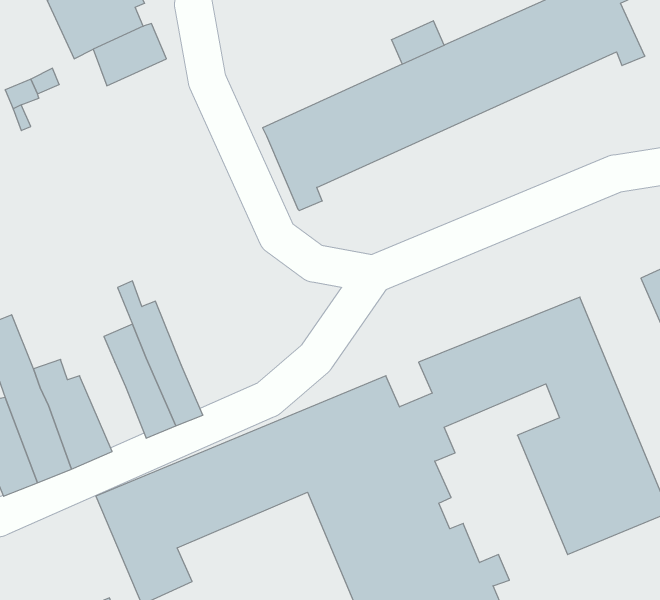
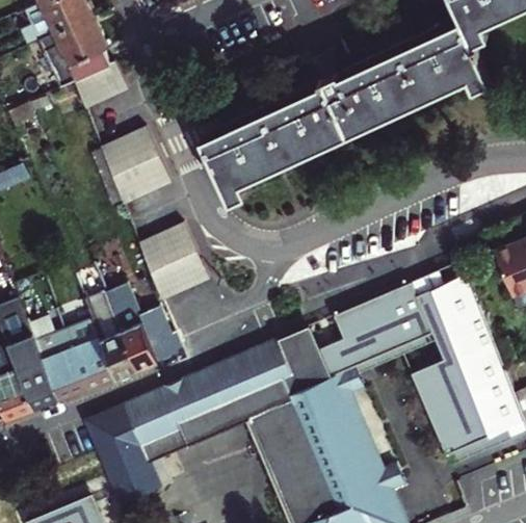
building: none -> [105,122,177,202]
building: none -> [143,218,213,295]
building: none -> [147,313,184,358]
building: none -> [69,317,120,386]

